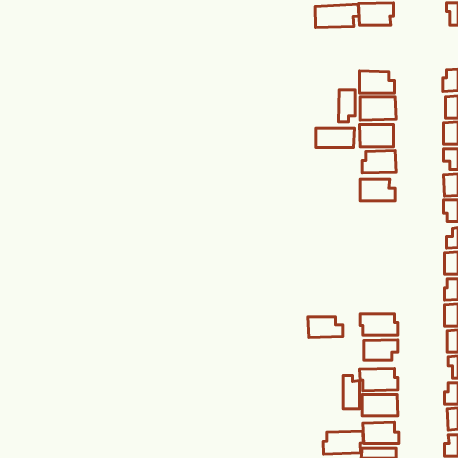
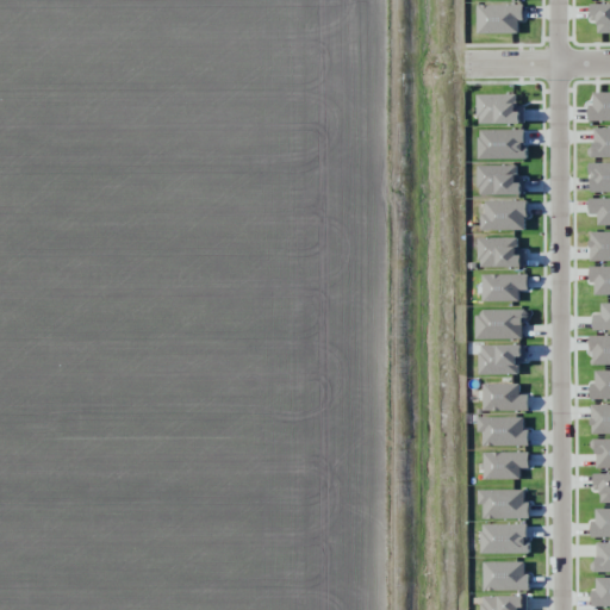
building: [315,4,359,27] -> none
building: [338,90,355,122] -> none
building: [316,128,355,148] -> none
building: none -> [483,274,528,301]
building: none -> [475,310,525,340]
building: none -> [480,346,525,374]
building: [308,317,343,337] -> [483,384,529,411]
building: [343,375,359,409] -> none
building: [323,431,363,454] -> none

